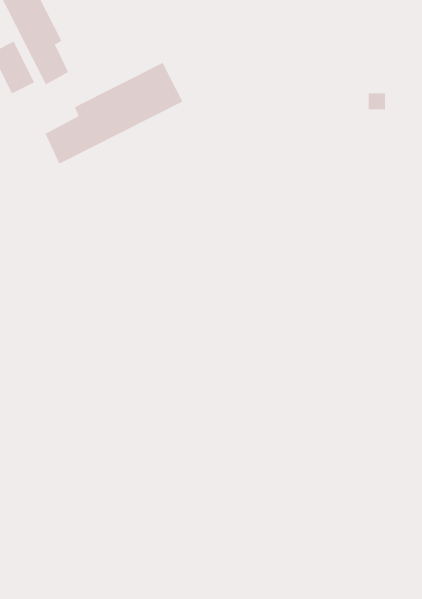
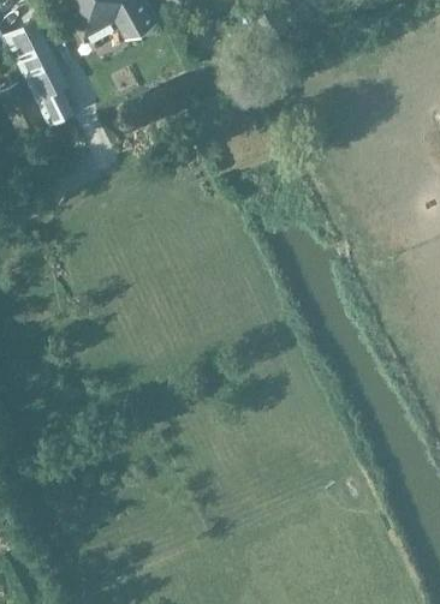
building: [45,62,183,165] -> none

